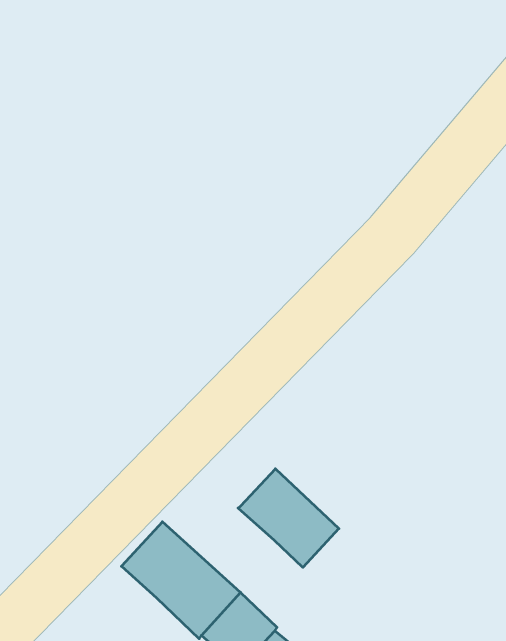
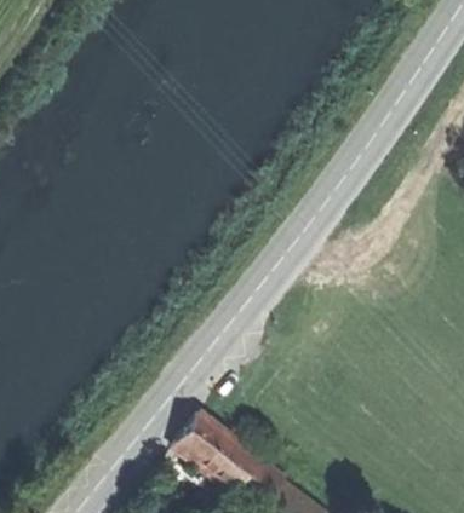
building: [238,469,339,567] -> none

